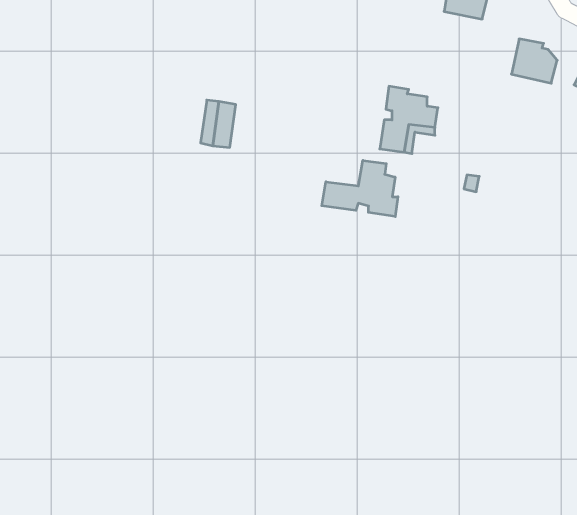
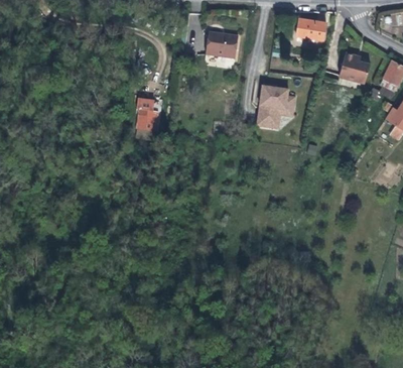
building: none -> [203,38,235,58]
building: [322,160,398,217] -> none

